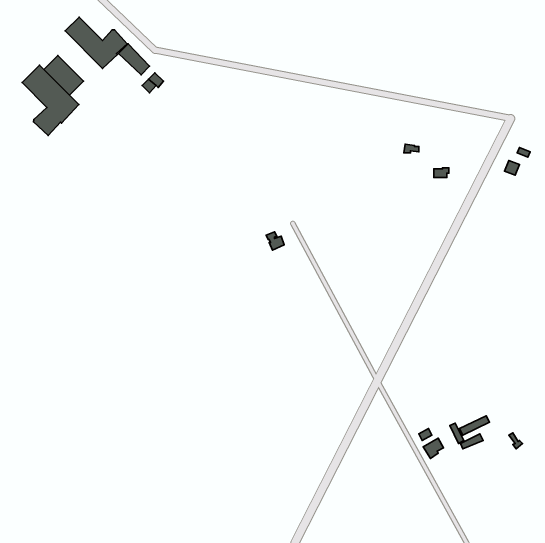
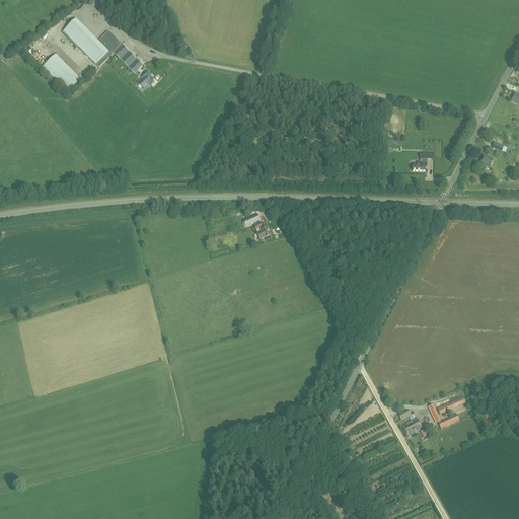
building: [22,65,79,135] -> none

